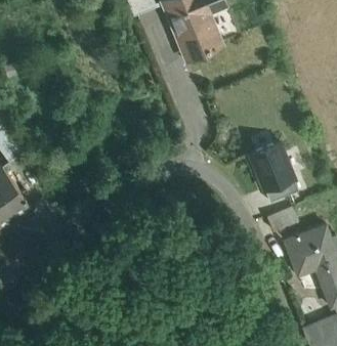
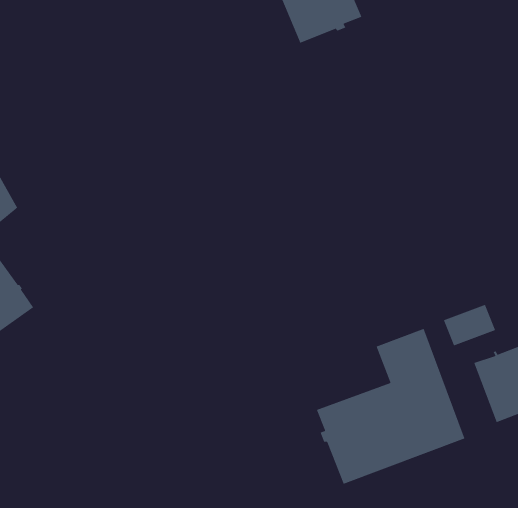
building: [249,141,294,189] -> none
building: none -> [316,328,465,485]

